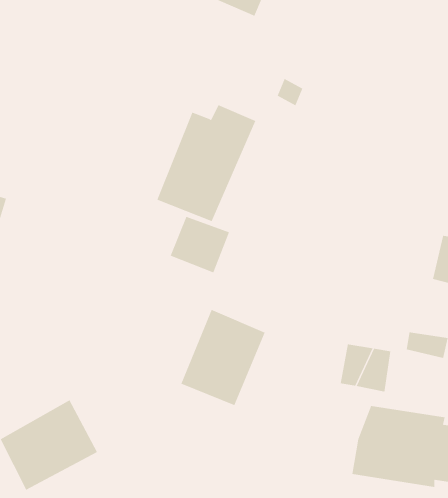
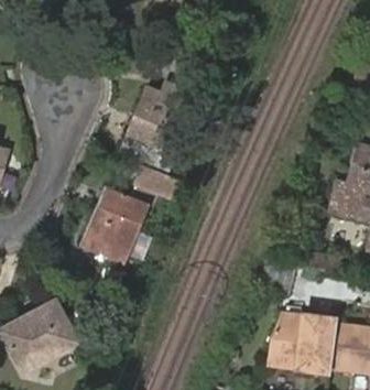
building: [180,309,265,406] -> [84,188,148,261]

